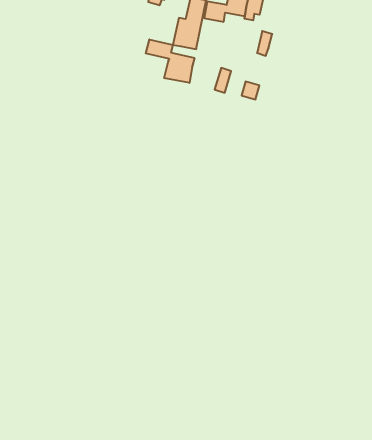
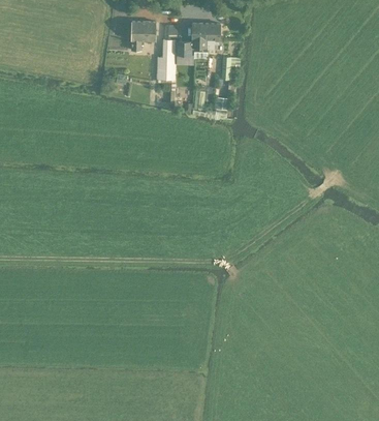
building: [146,39,194,83] -> none

